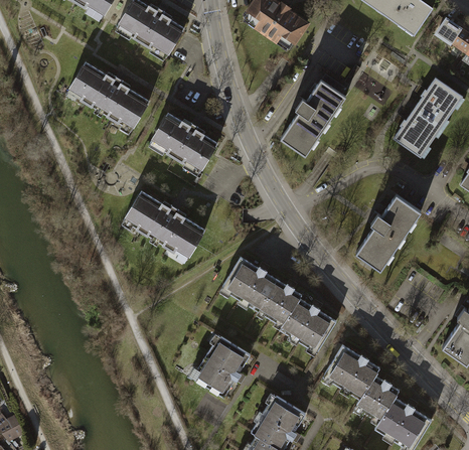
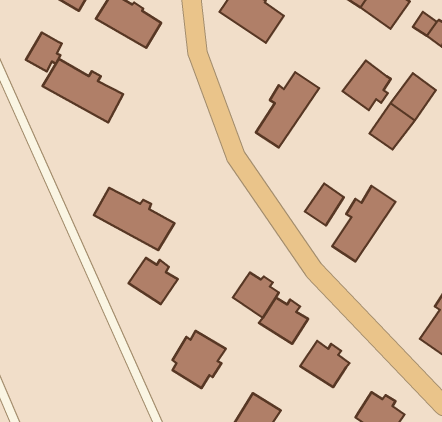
building: none -> [26,32,62,71]
building: none -> [342,61,391,110]
building: [149,115,214,170] -> none
building: none -> [305,183,344,226]
building: [224,258,274,304] -> [129,258,178,304]
building: [353,373,399,419] -> none

